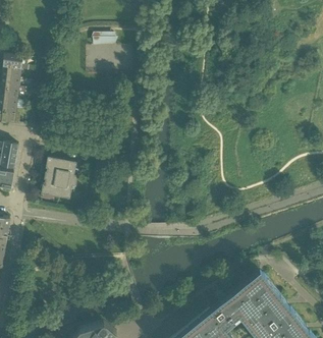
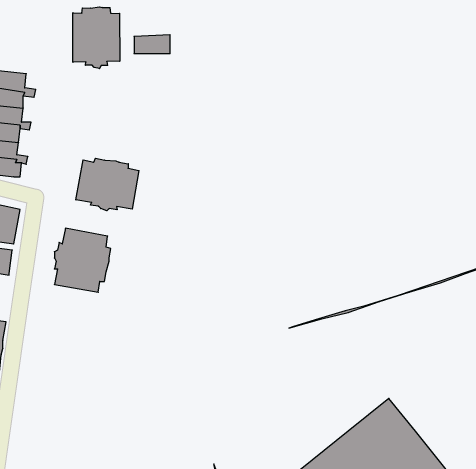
building: none -> [73,7,120,69]
building: none -> [76,158,139,211]

